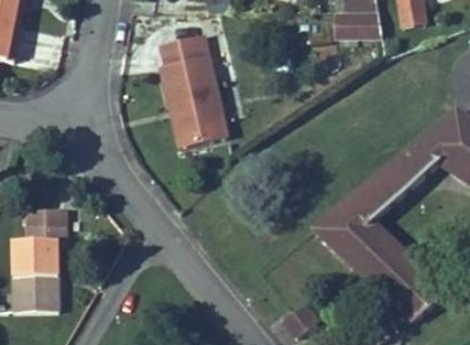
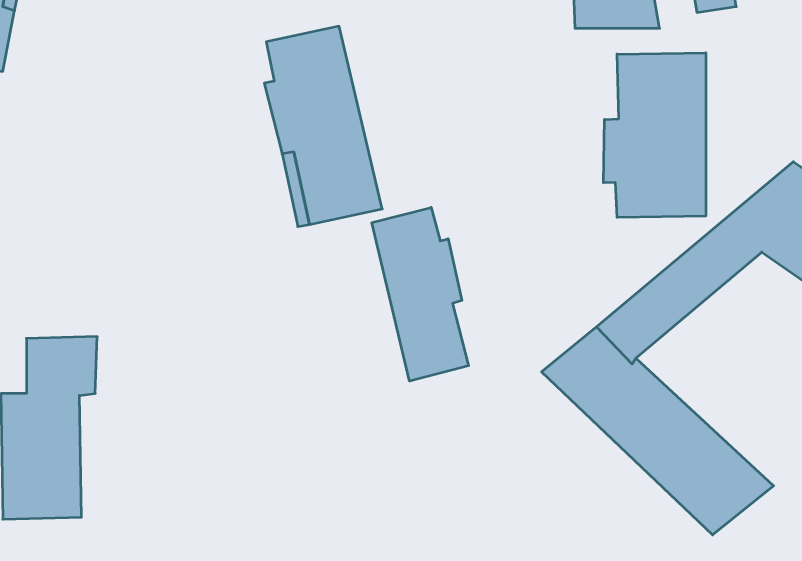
building: none -> [603,53,706,217]
building: none -> [372,207,469,381]

